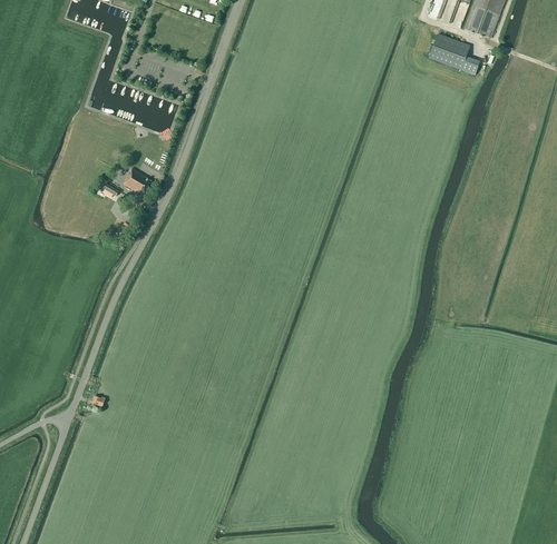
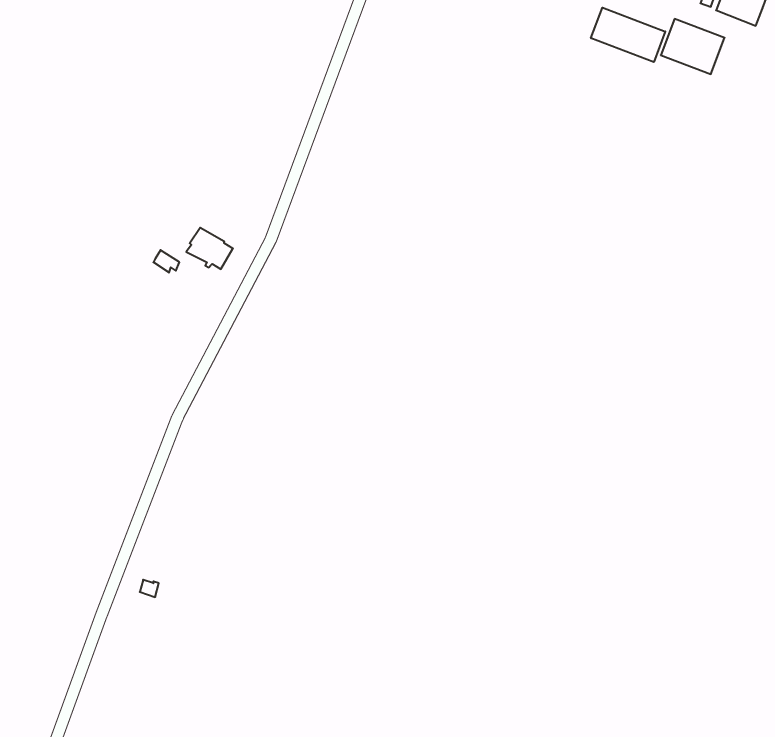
building: none -> [591,8,665,62]

